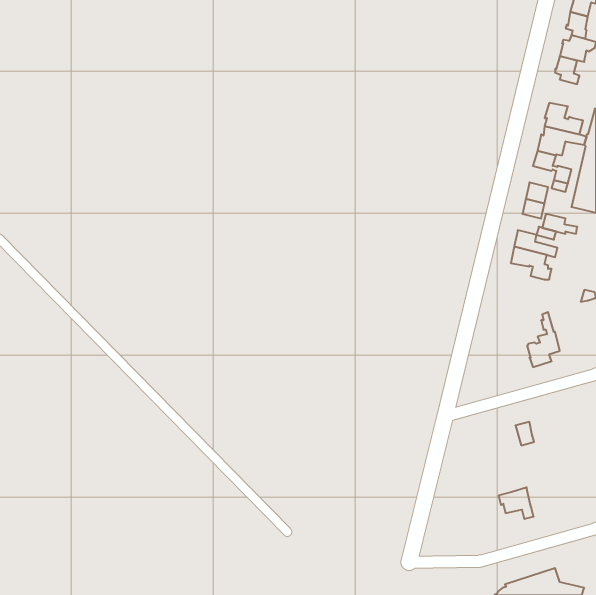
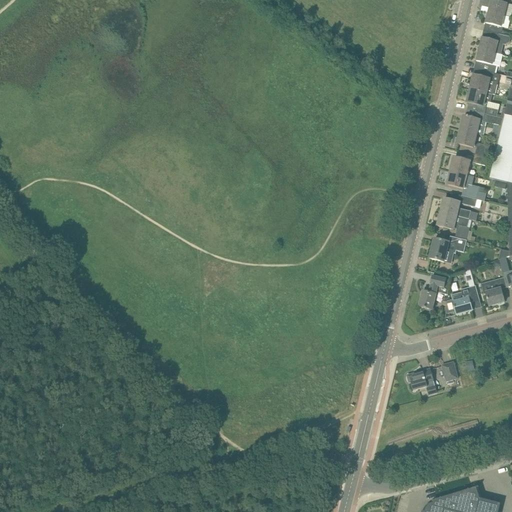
building: none -> [470,68,506,91]
building: none -> [429,236,466,261]
building: none -> [418,272,449,309]
building: none -> [480,276,506,305]
building: [499,487,534,519] -> [406,367,436,394]

